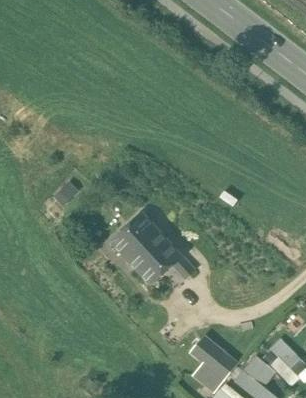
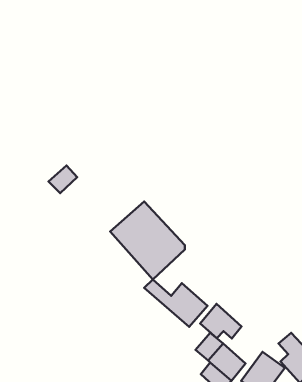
building: none -> [144,279,207,327]
building: none -> [200,304,242,338]

